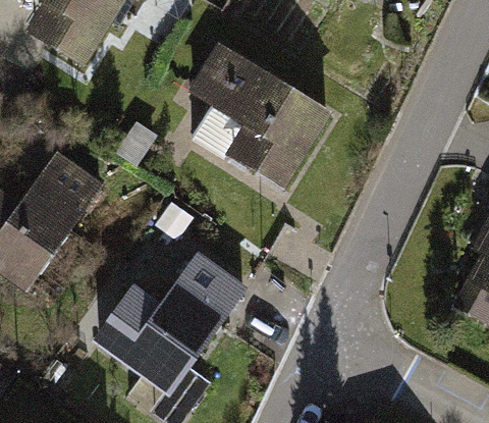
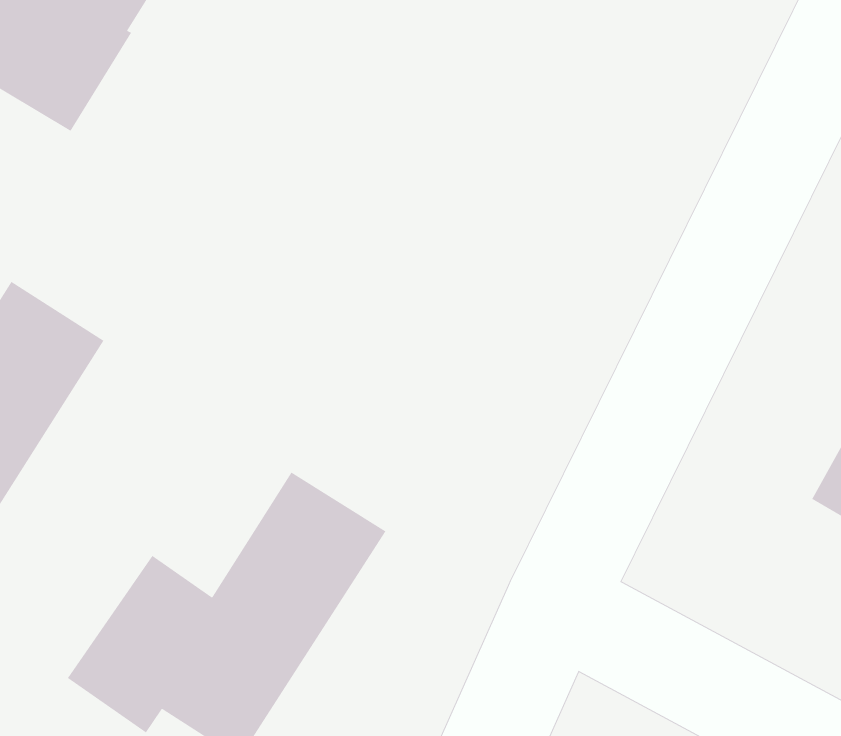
building: [178,39,331,199] -> none

